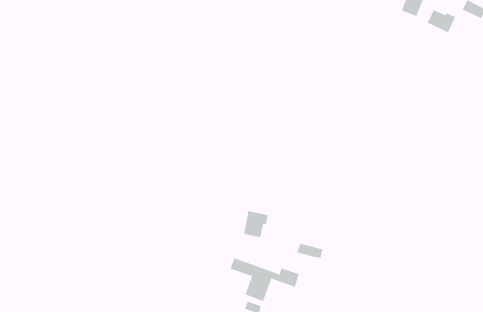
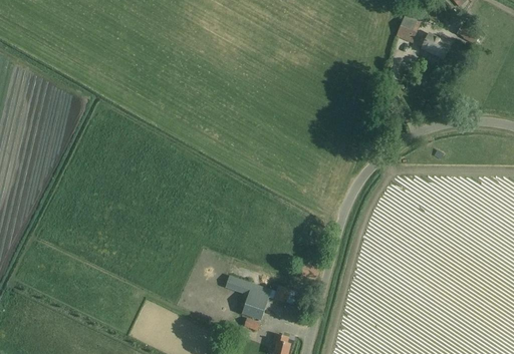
building: [244,210,269,238] -> none

